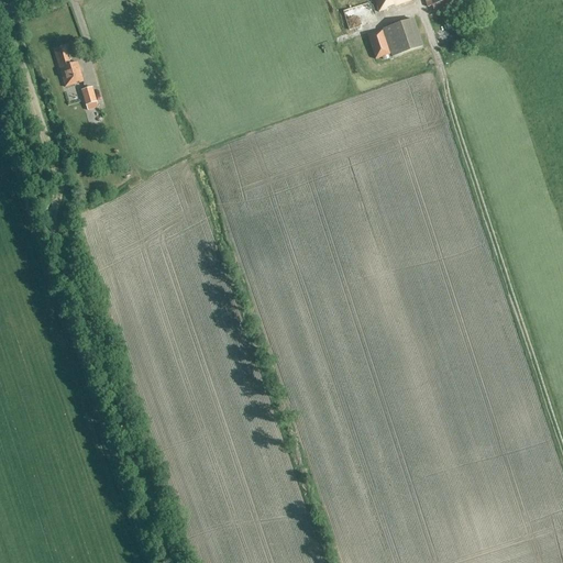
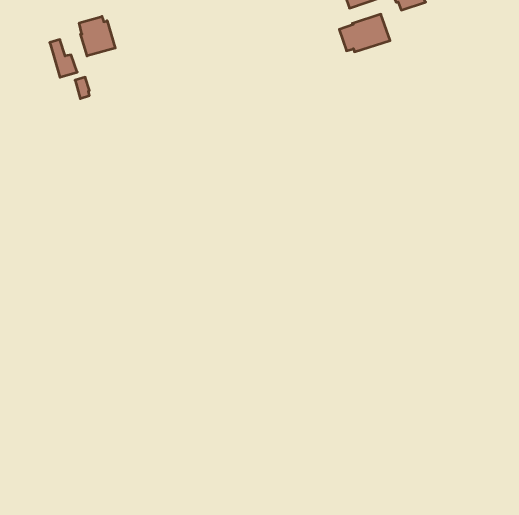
building: none -> [79,16,115,56]

